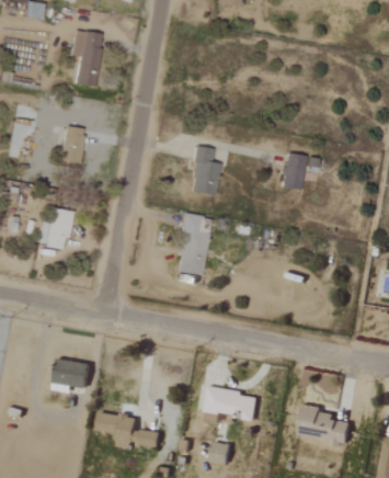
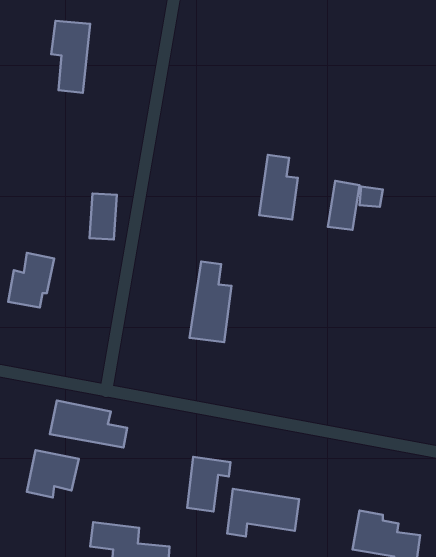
building: [62,127,83,162] -> [89,193,117,239]
building: [191,146,220,195] -> [259,155,298,220]
building: none -> [50,401,127,448]
building: none -> [187,457,231,511]

